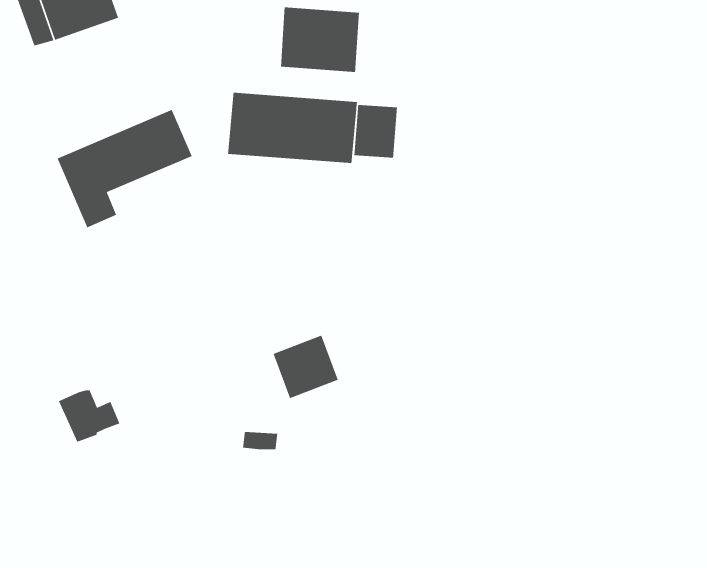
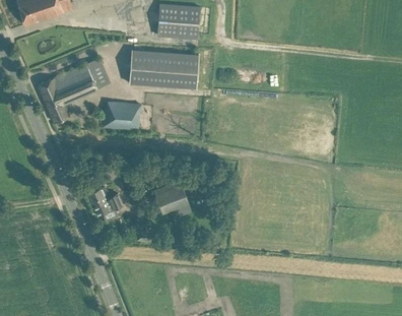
building: [354,104,398,159] -> none
building: none -> [102,102,139,130]
building: [58,390,120,443] -> [87,188,121,216]

